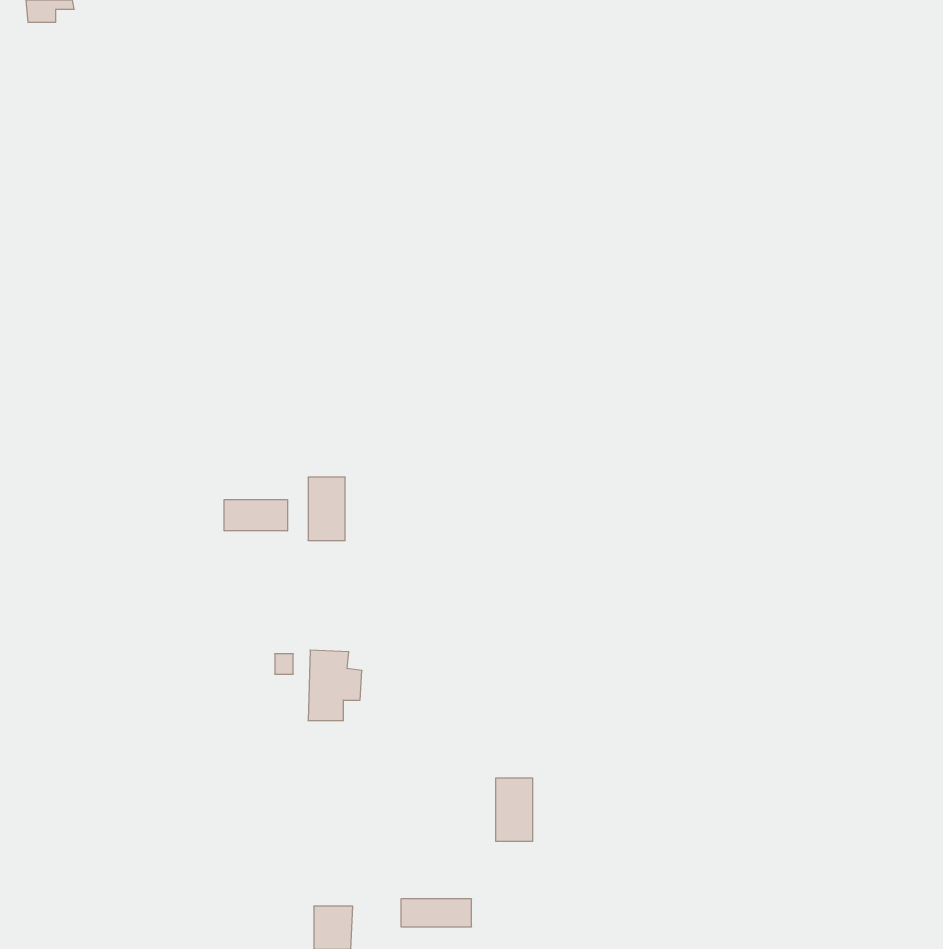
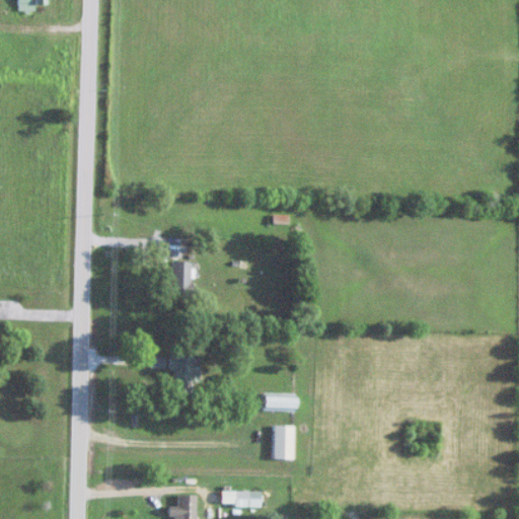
building: [224,500,287,531] -> none
building: none -> [262,394,294,410]

